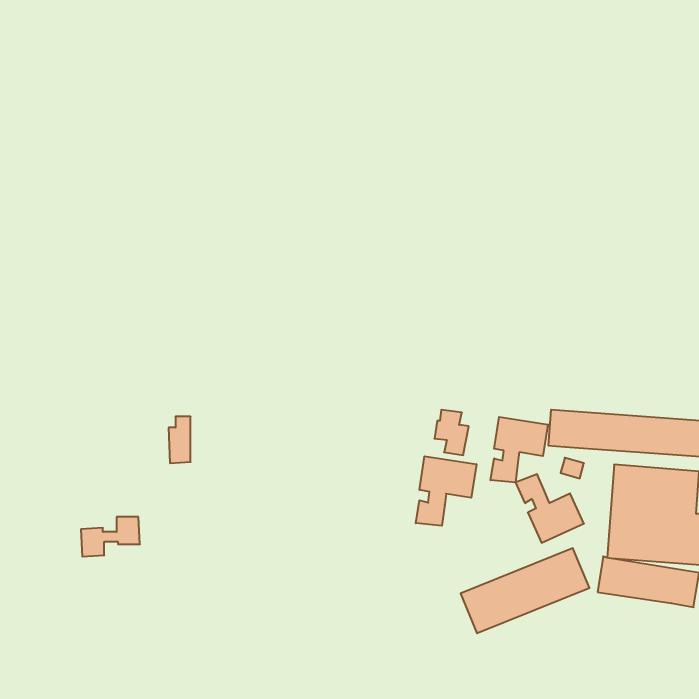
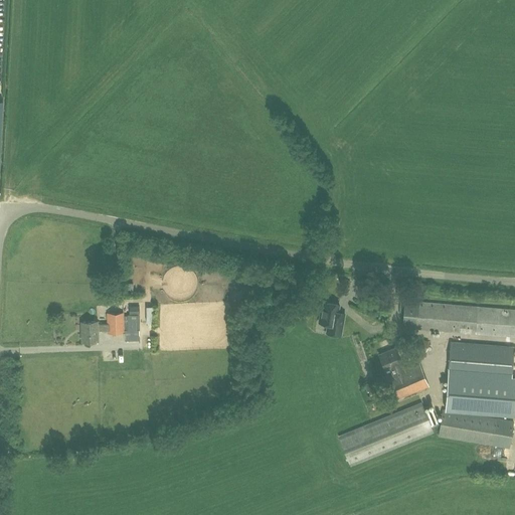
building: [491,417,548,482] -> none
building: [416,456,476,526] -> none
building: [81,517,140,557] -> [81,312,125,341]

